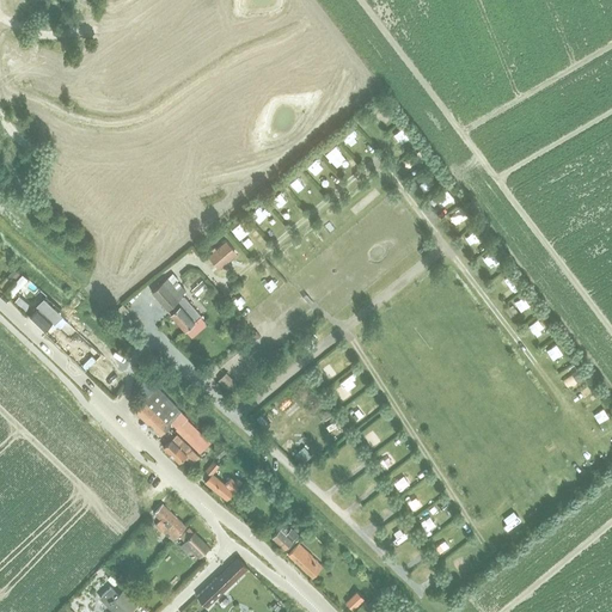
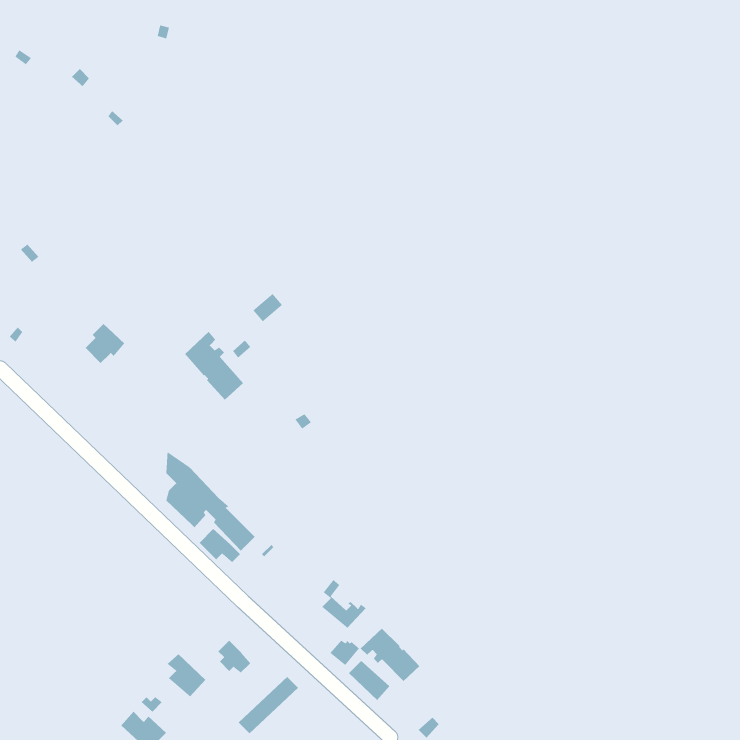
building: [31,298,65,331] -> [85,323,125,364]
building: [204,460,241,501] -> [321,579,366,629]
building: [154,504,186,540] -> [167,654,206,697]
building: none -> [360,628,420,682]

